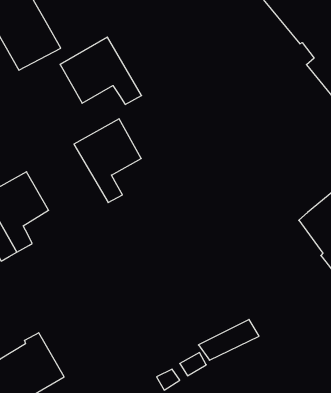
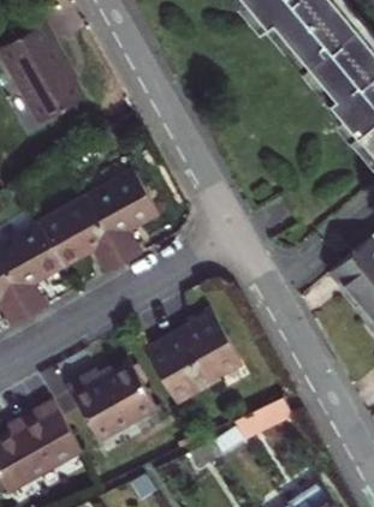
building: [60,37,142,104] -> [38,198,127,272]
building: none -> [142,306,238,402]
building: none -> [66,358,154,441]

